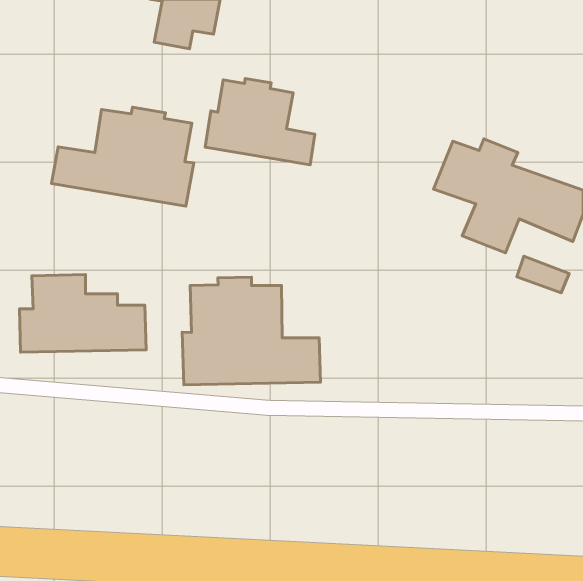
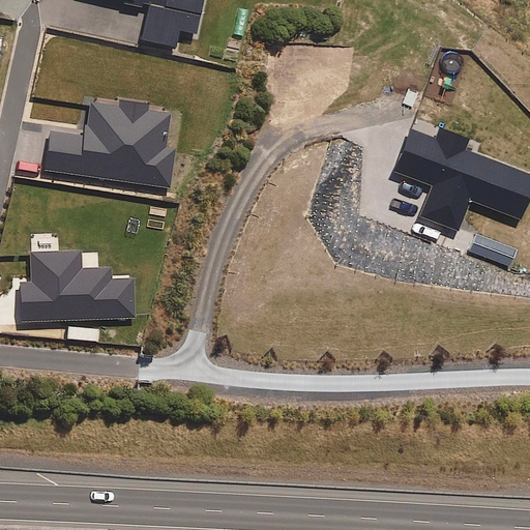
building: [205,79,315,165] -> none
building: [182,277,321,385] -> none

